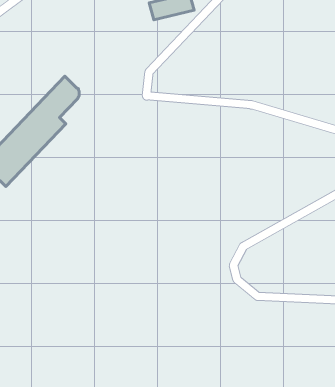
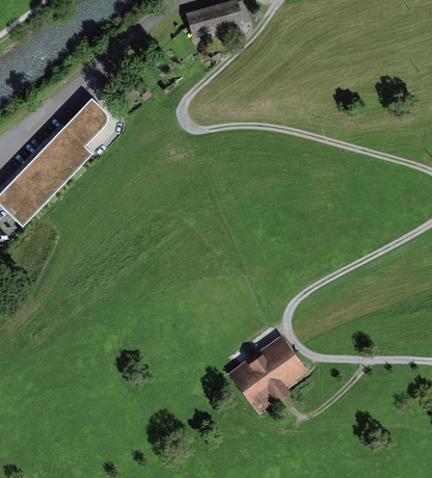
building: none -> [234,341,304,405]

